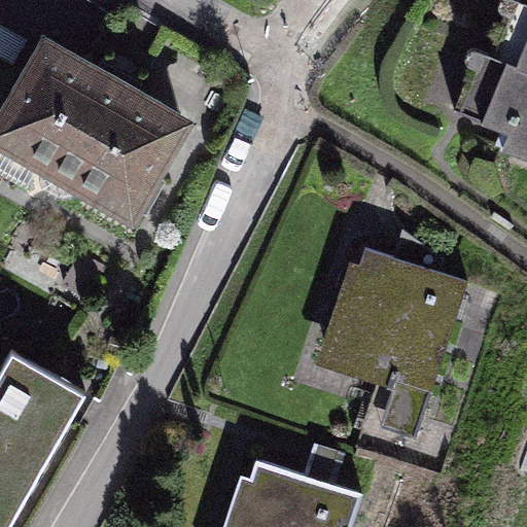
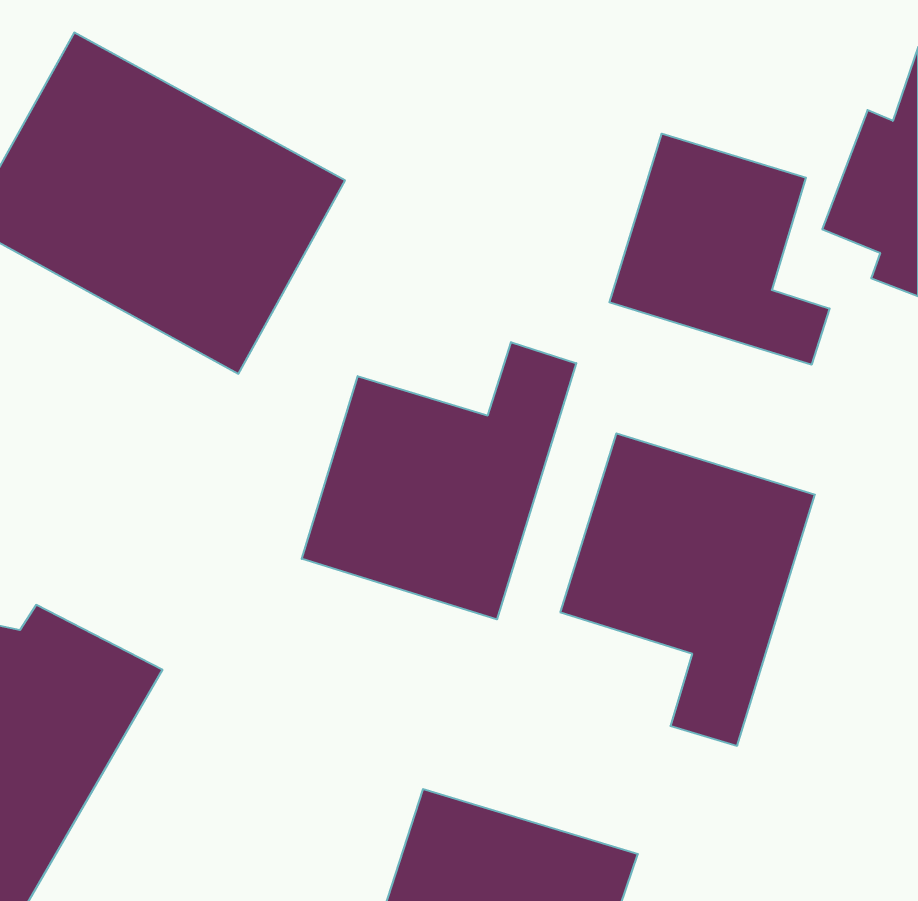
building: none -> [609,134,830,365]
building: none -> [302,342,576,619]

